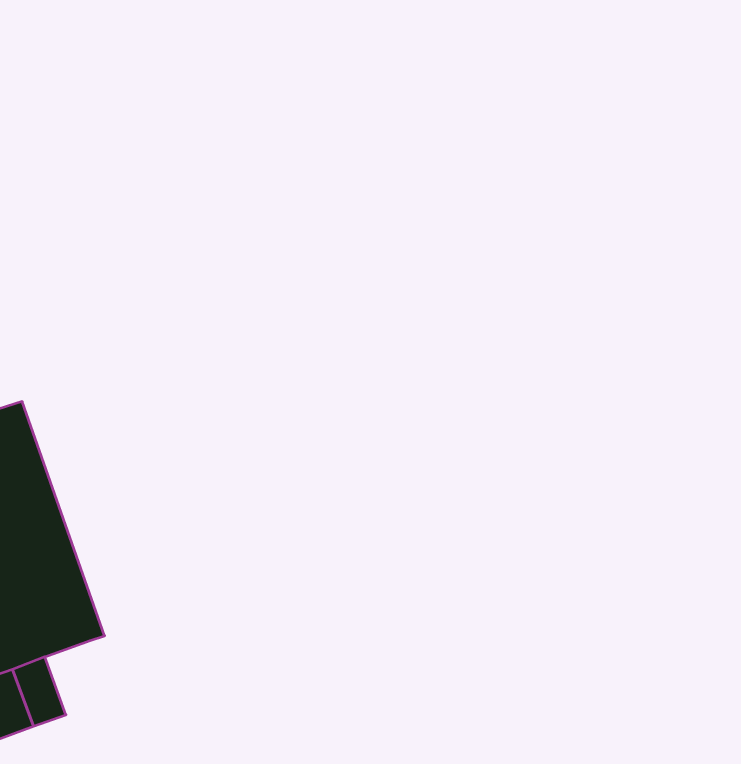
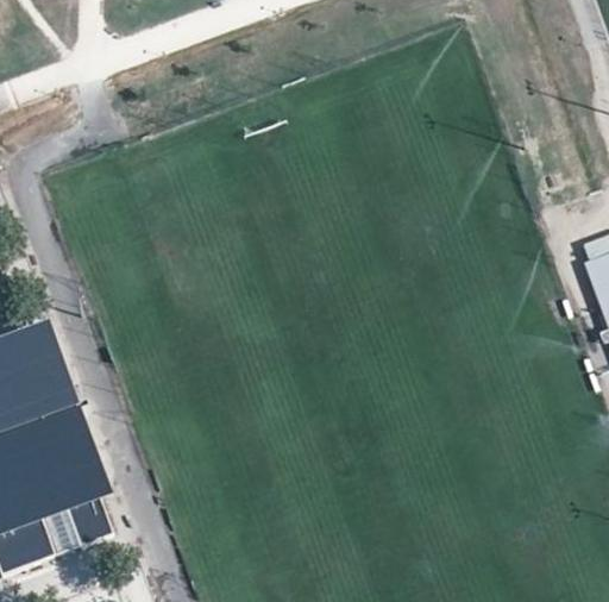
building: none -> [63,493,112,547]

